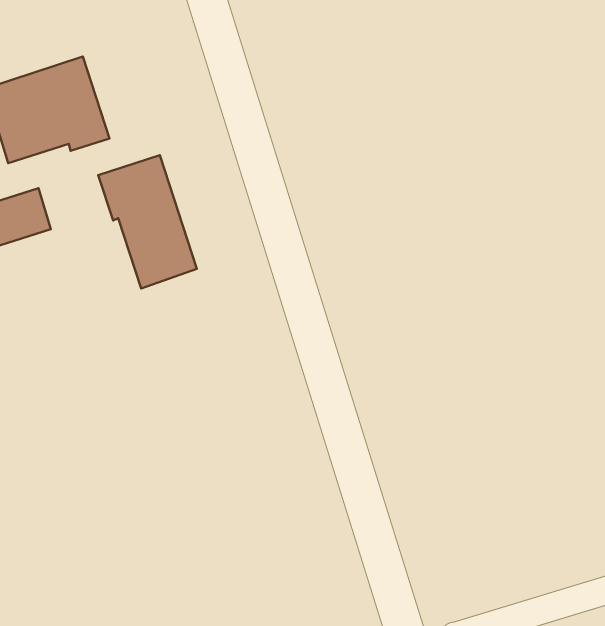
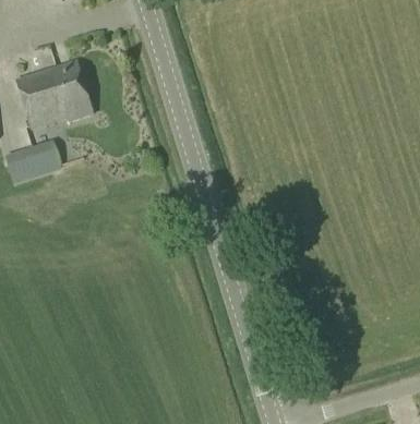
building: [98,155,197,288] -> none

